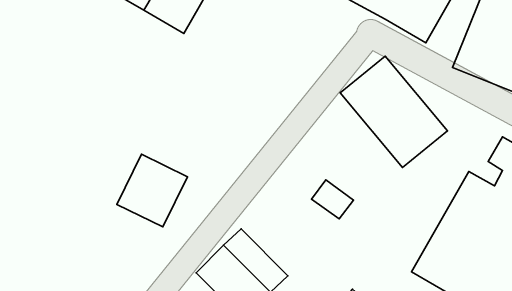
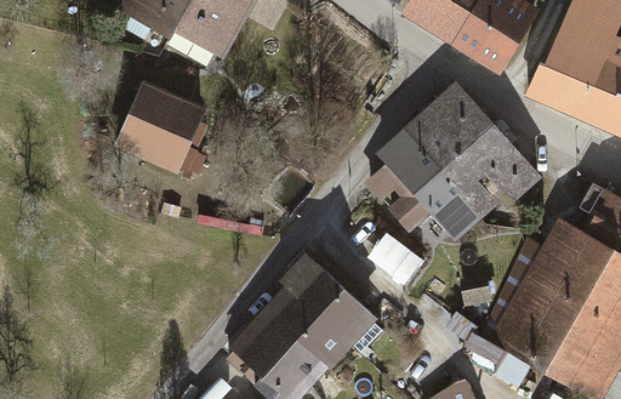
building: none -> [369,129,478,238]
building: [117,154,187,227] -> [119,89,203,175]
building: none -> [279,251,372,346]

